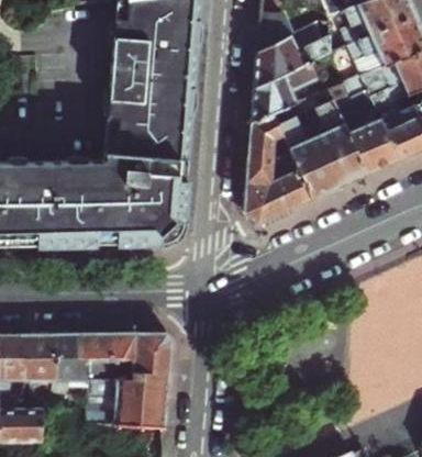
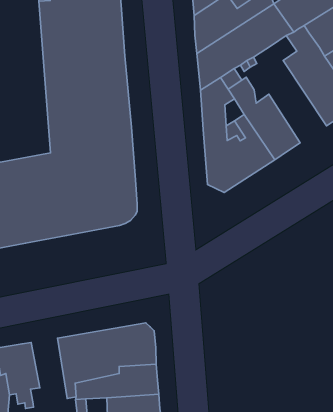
building: [313,83,365,187] -> none
building: [46,334,79,392] -> none

